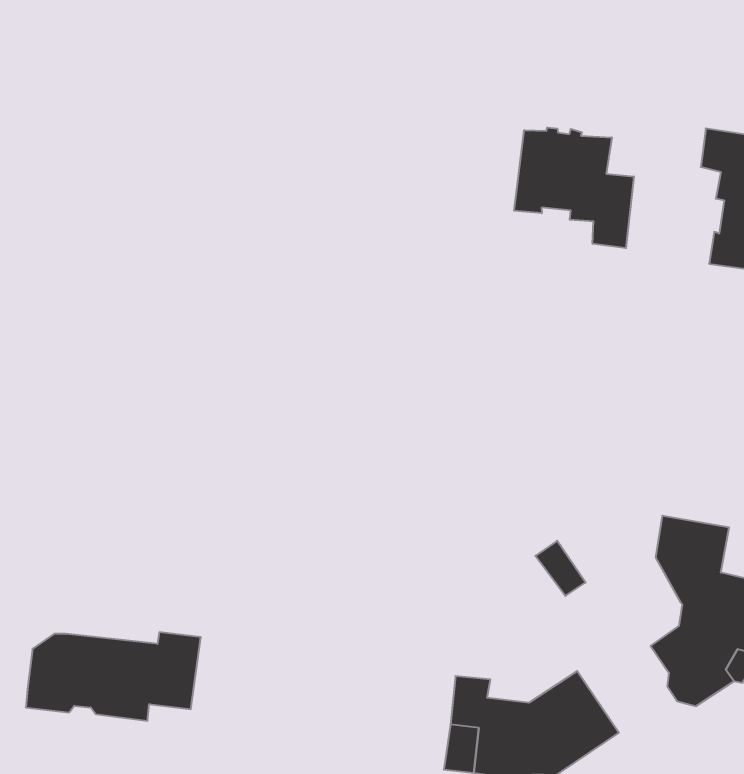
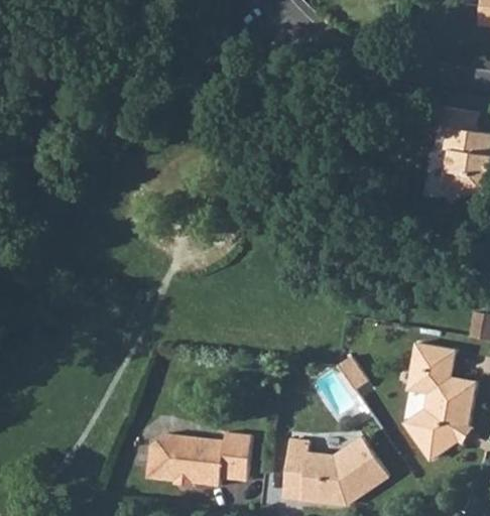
building: [514,127,634,248] -> none
building: [26,632,201,721] -> [145,432,251,486]

